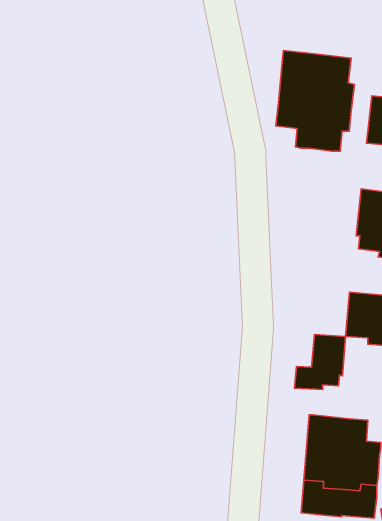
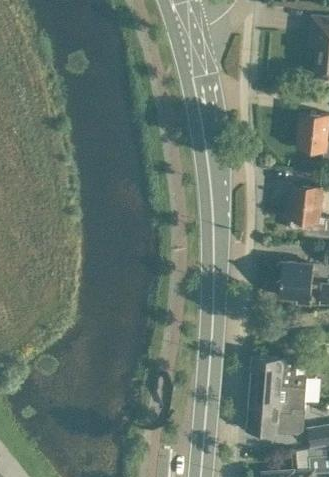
building: [276,51,355,151] -> none
building: [295,335,346,389] -> none

